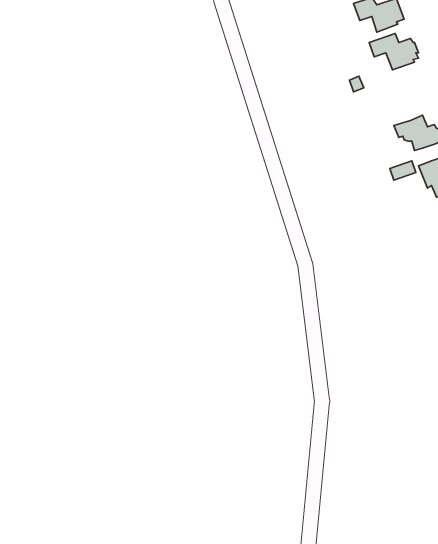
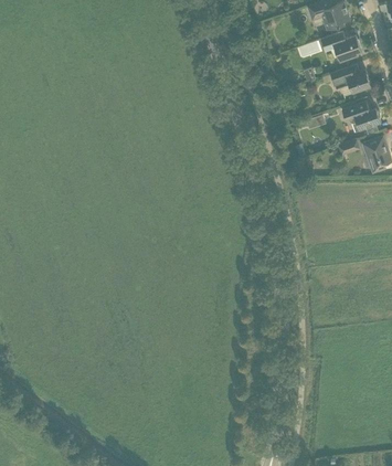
building: none -> [329,66,370,93]

